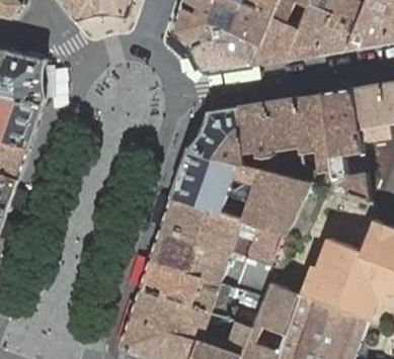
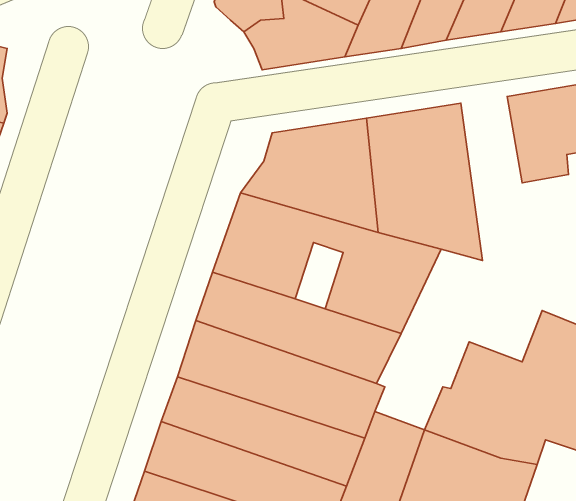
building: [323,89,371,199] -> none

